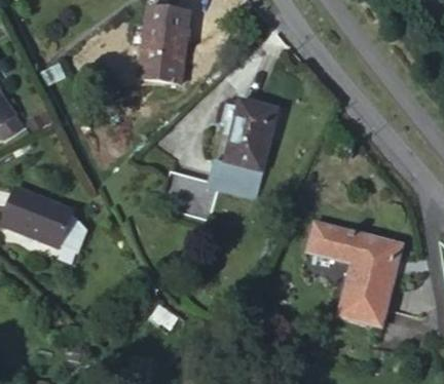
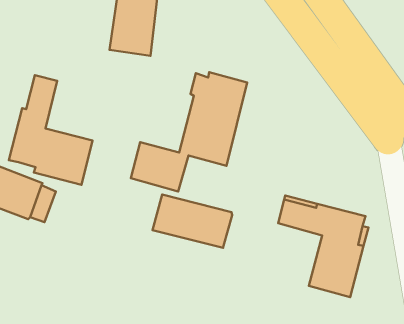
building: none -> [9,75,93,185]
building: none -> [152,195,232,248]

